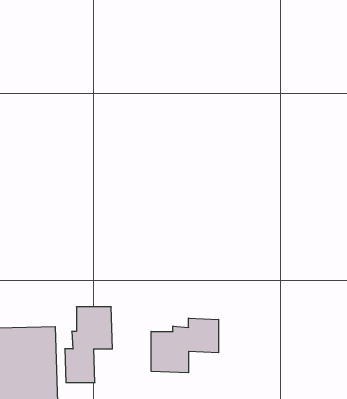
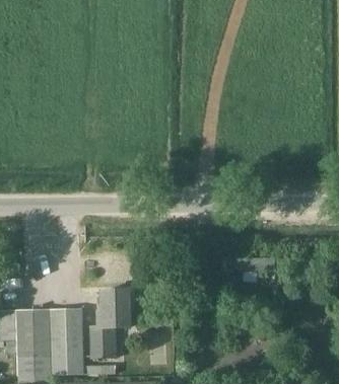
building: [151,318,219,373] -> none

